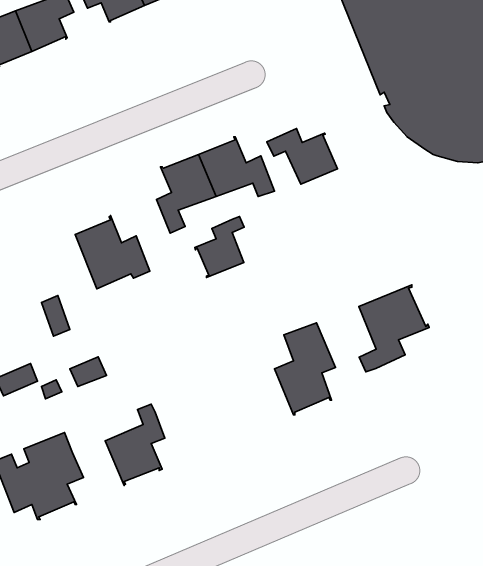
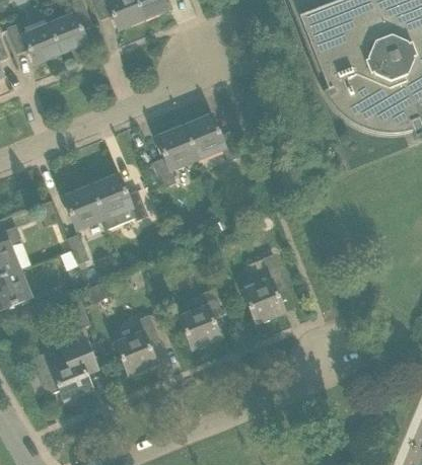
building: [267,128,337,184] -> none
building: [195,217,244,278] -> none
building: none -> [64,187,109,231]
building: [359,285,429,372] -> none
building: none -> [177,288,223,348]

